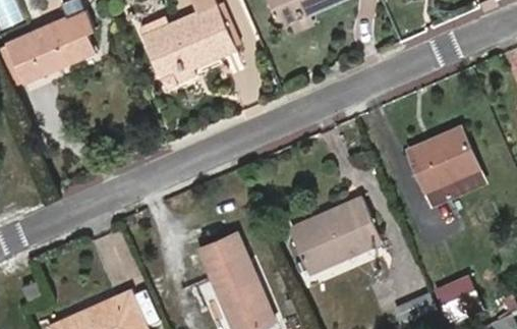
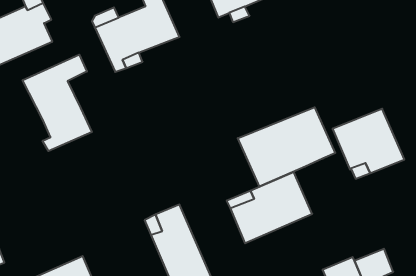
building: none -> [23,55,92,151]
building: none -> [238,107,335,186]

